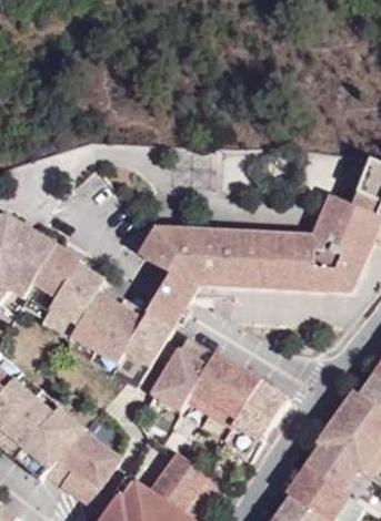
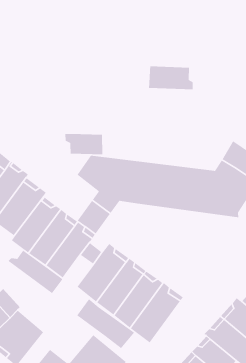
building: none -> [148,66,194,90]
building: none -> [64,133,103,155]
building: none -> [8,247,63,294]
building: none -> [76,298,135,349]

